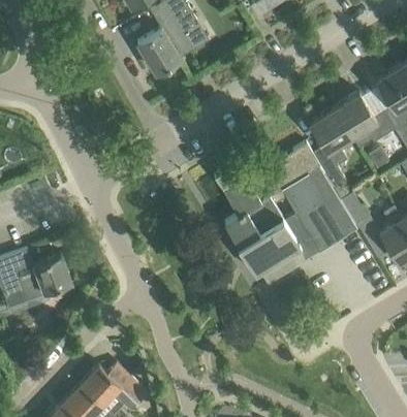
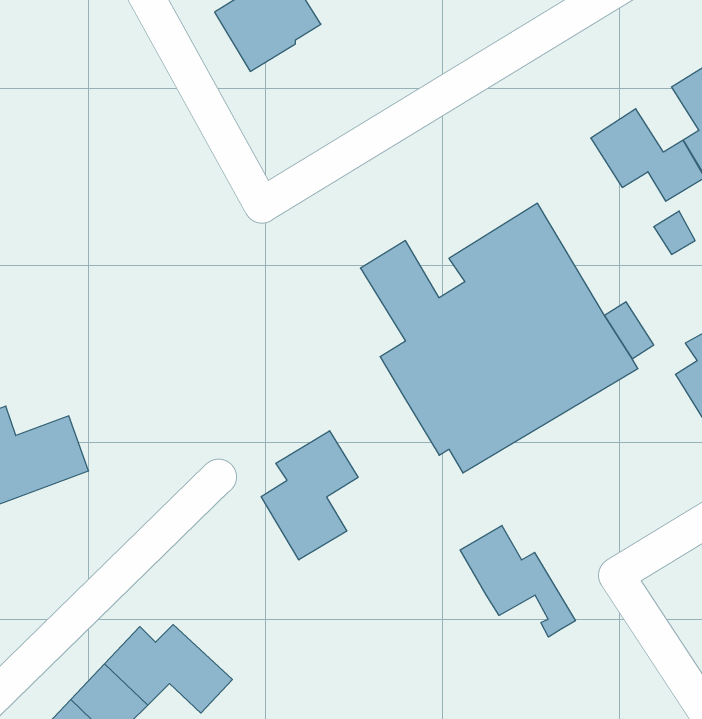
building: [309,109,351,187] -> none
building: none -> [261,431,358,560]
building: none -> [460,525,575,637]

